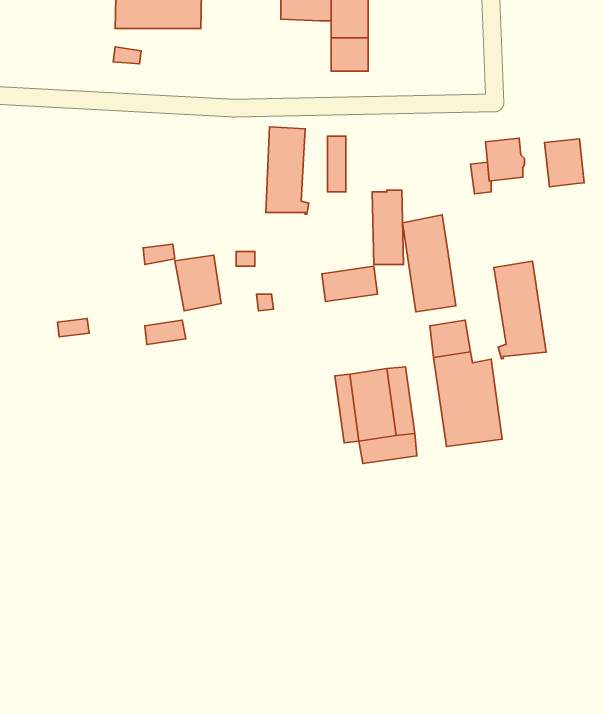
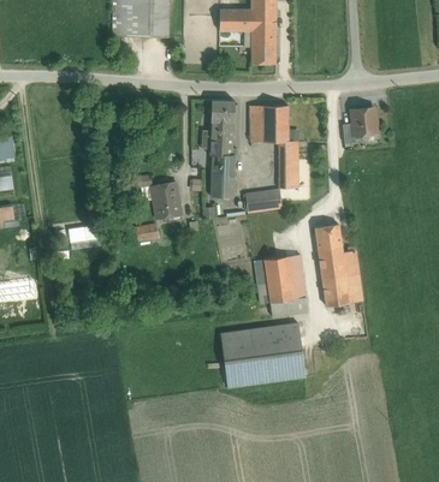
building: none -> [261,106,287,142]
building: [544,139,584,187] -> none
building: none -> [210,155,235,197]
building: [403,215,456,312] -> none
building: [494,261,546,359] -> none
building: none -> [220,322,305,387]

